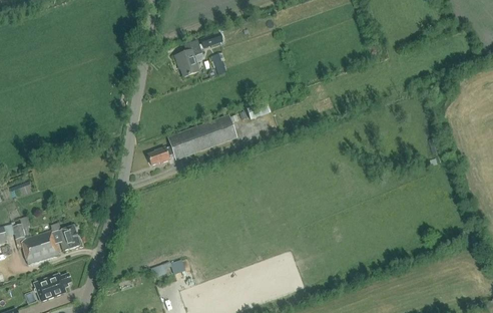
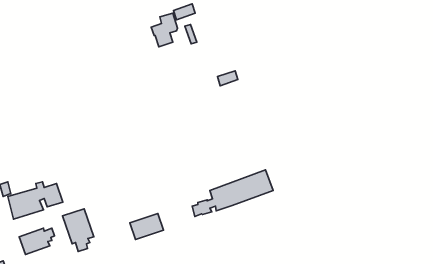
building: [148,115,235,166] -> [192,170,273,217]
building: none -> [62,209,94,251]

